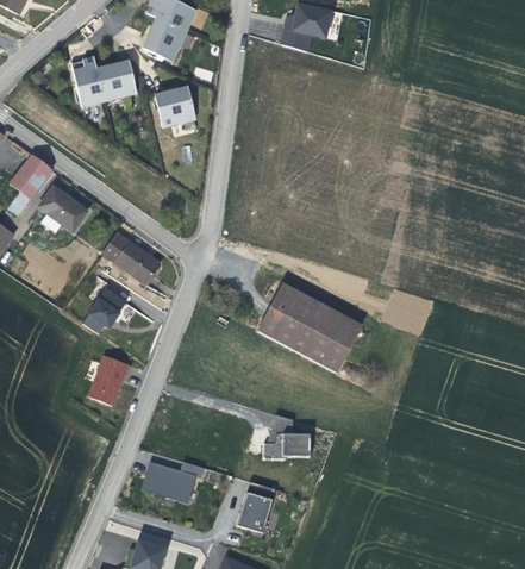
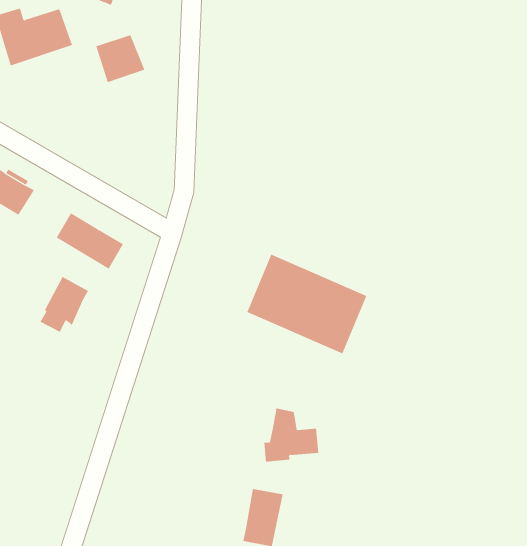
building: [89,356,131,407] -> none
building: [143,461,206,502] -> none

